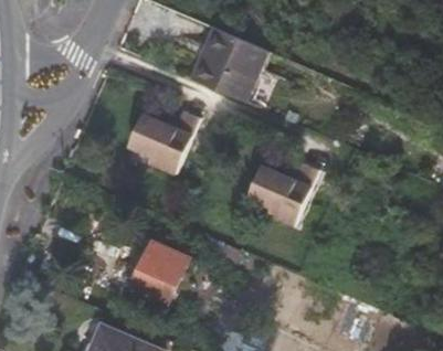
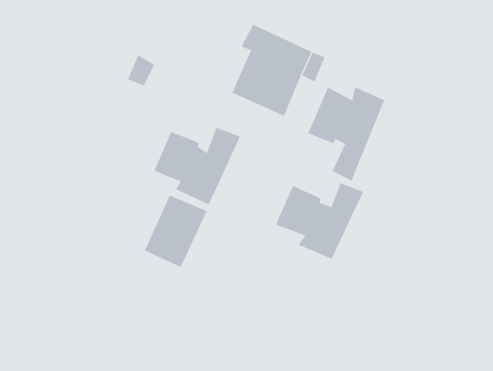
building: none -> [308,87,385,182]
building: [138,245,191,306] -> [144,195,208,268]

